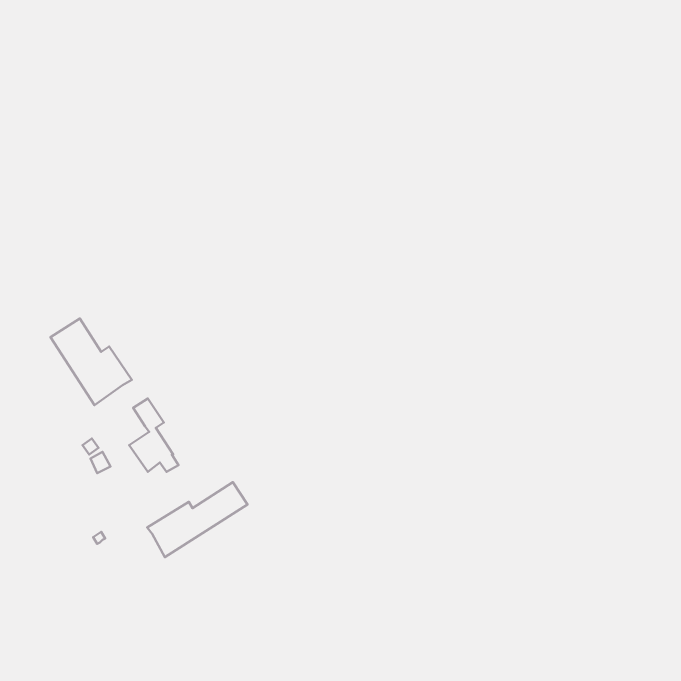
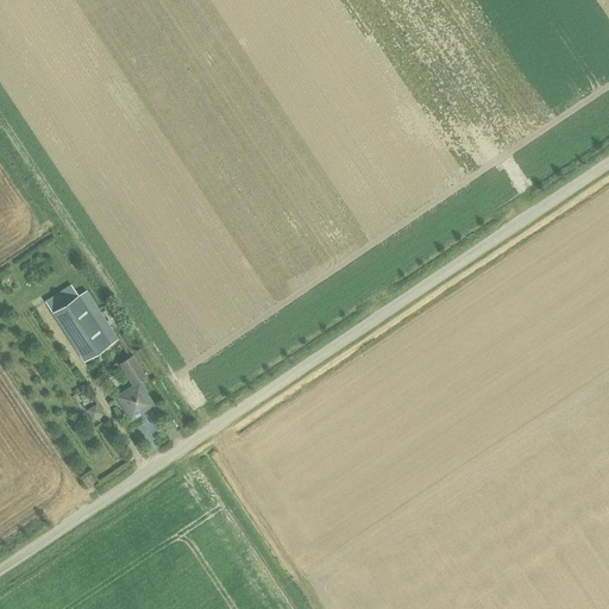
building: [147,482,247,557] -> none

